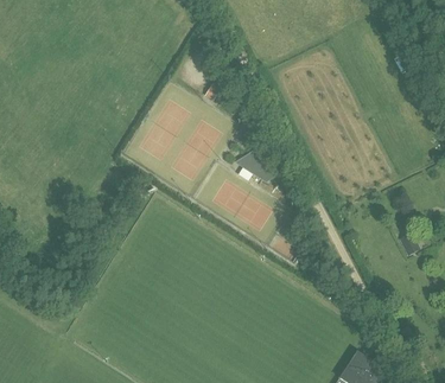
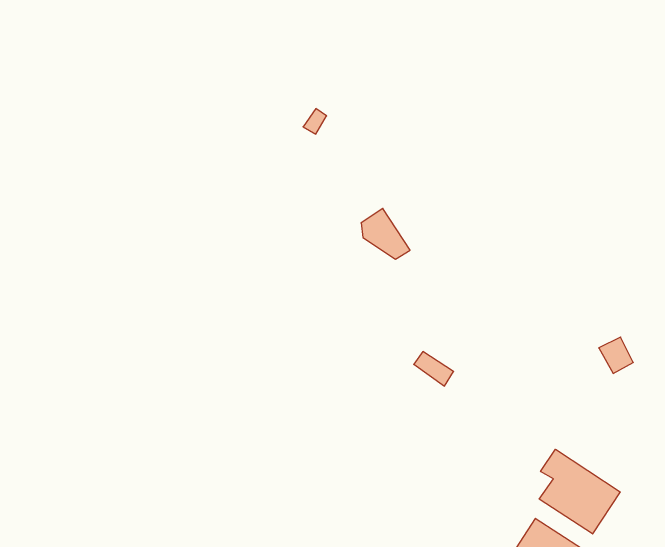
building: none -> [539,449,620,534]

